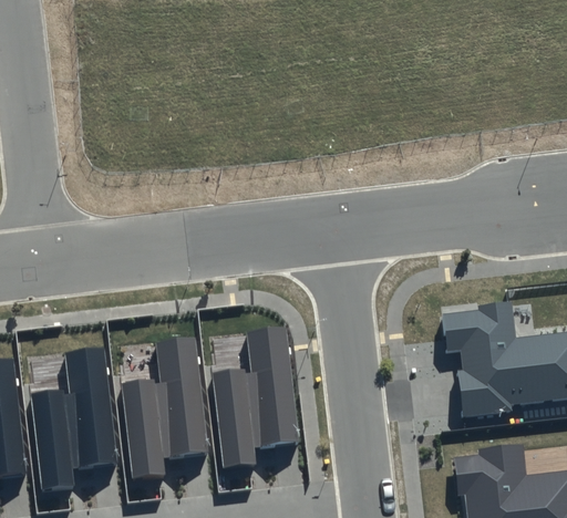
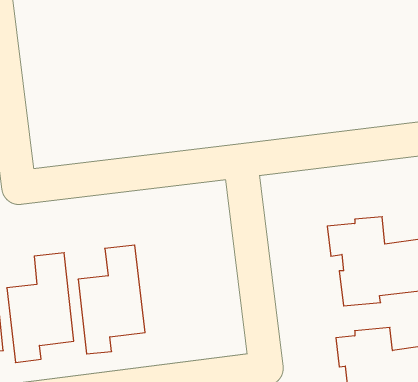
building: [212,330,298,470] -> none

